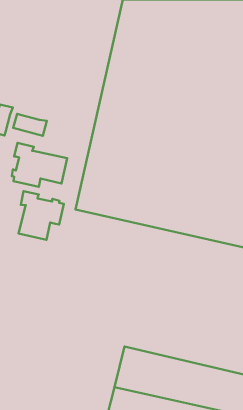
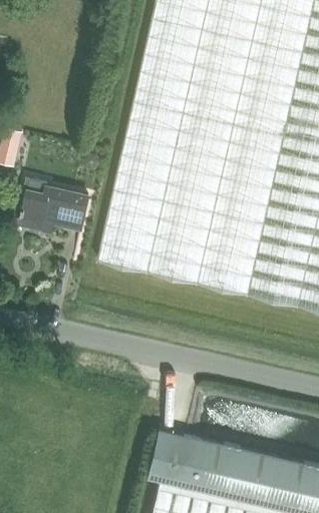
building: [13,114,47,136] -> none
building: [19,191,64,240] -> none

